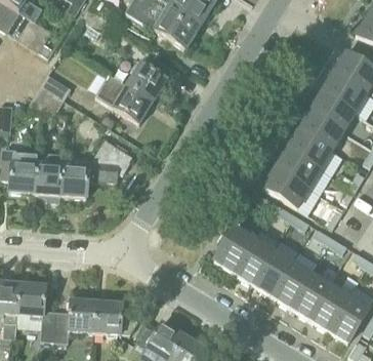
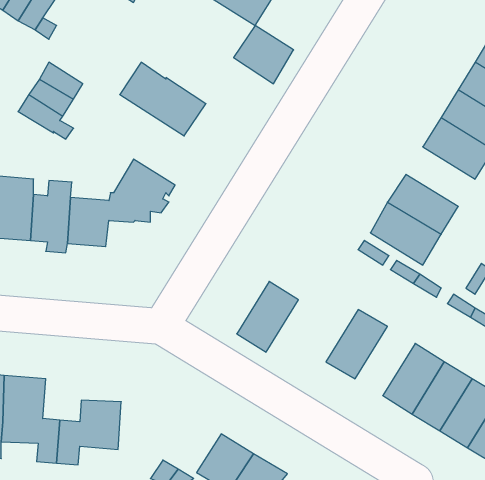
building: [126,62,166,101] -> [234,25,294,84]
building: [286,129,332,169] -> none
building: [213,226,254,273] -> [237,281,298,352]
building: [252,249,292,295] -> none
building: [94,299,138,333] -> none

